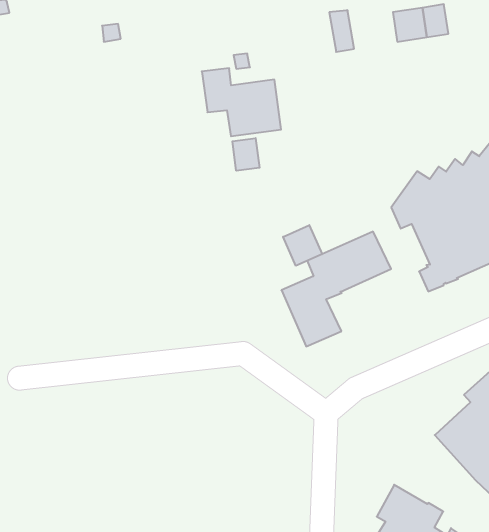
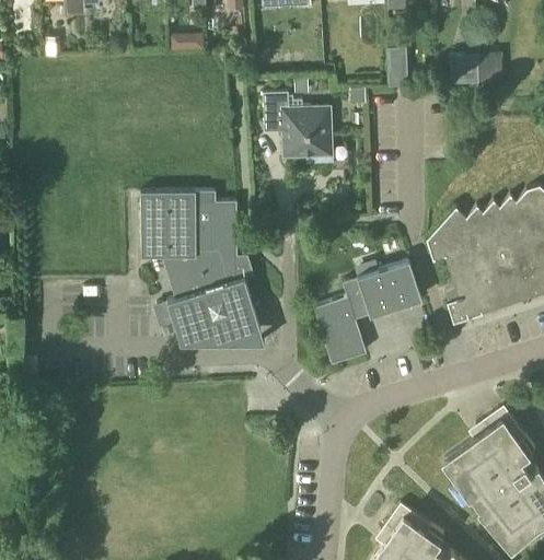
building: [232,138,260,171] -> none
building: none -> [140,194,259,346]
building: [283,225,322,266] -> none

